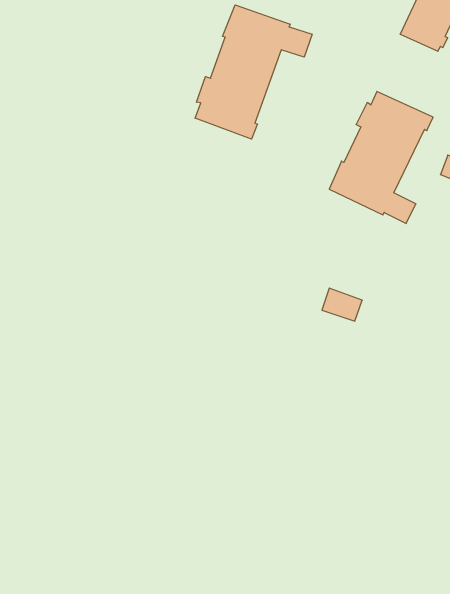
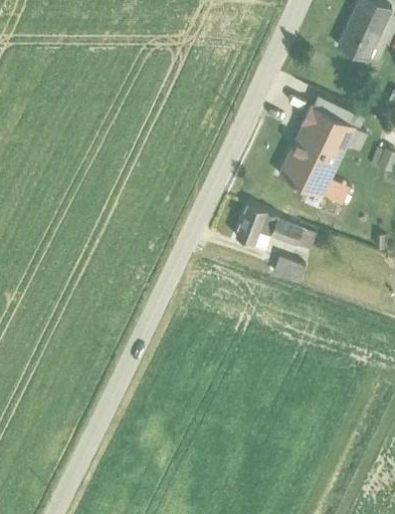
building: [195,5,312,139] -> none
building: none -> [233,204,316,250]

